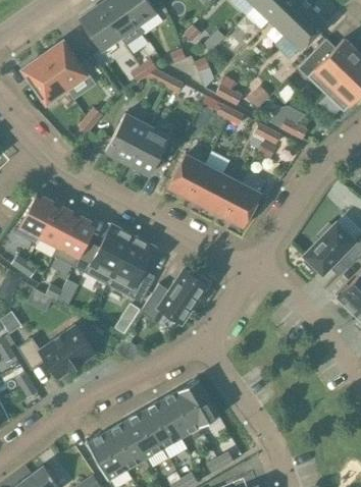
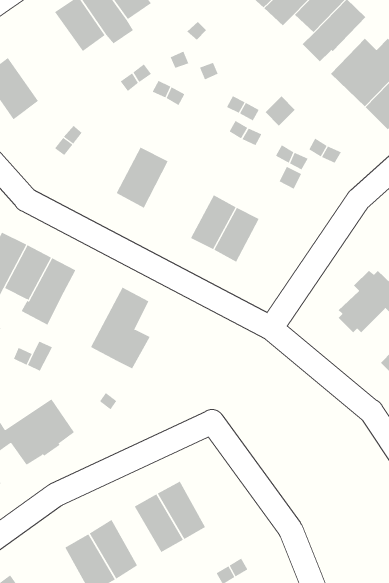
building: [42,40,87,89] -> none
building: [105,113,147,162] -> none
building: [167,153,205,198] -> none
building: [223,182,261,227] -> none
building: [73,224,133,284] -> none
building: [139,269,212,322] -> none
building: [178,379,219,427] -> none
building: [124,411,163,457] -> none

